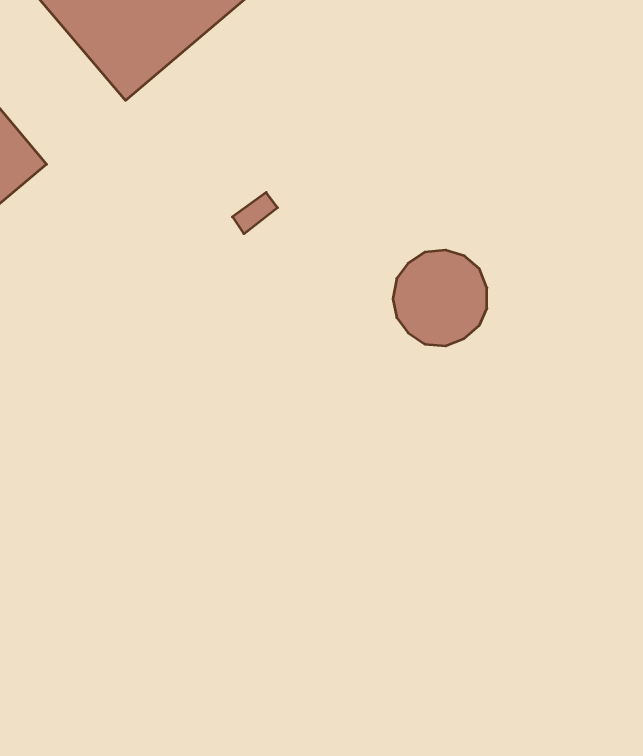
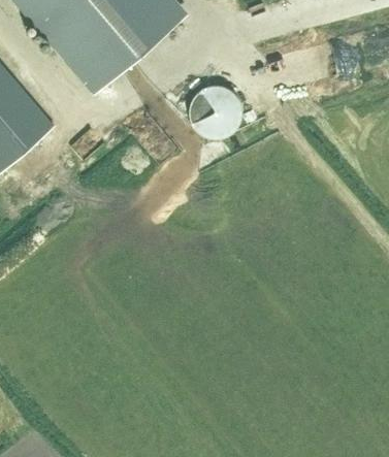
building: [393,250,487,346] -> [188,87,239,139]

